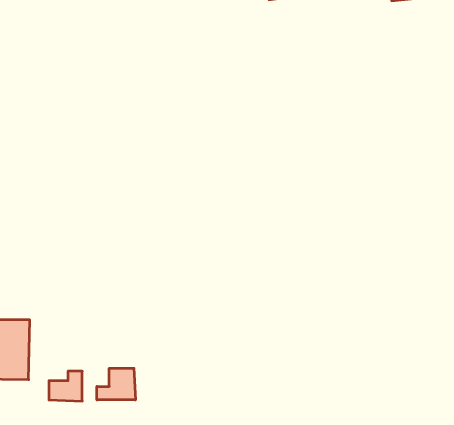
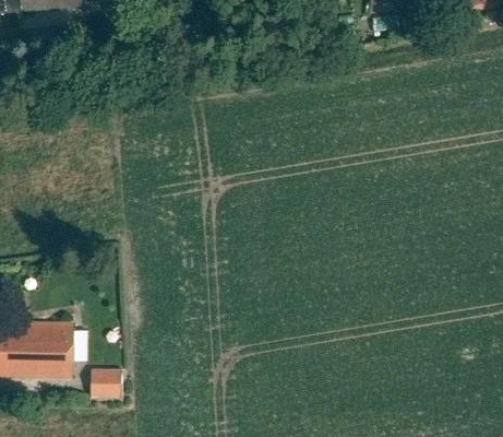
building: [97,368,135,400] -> none

